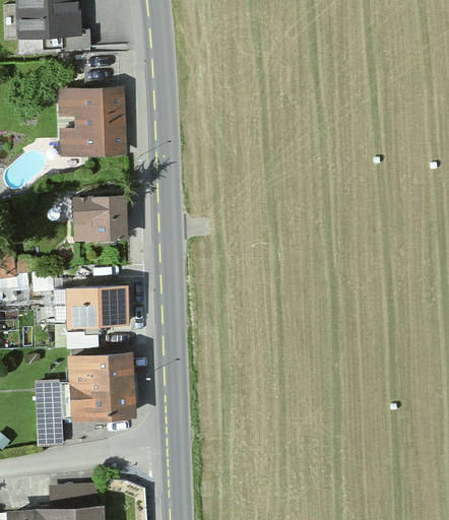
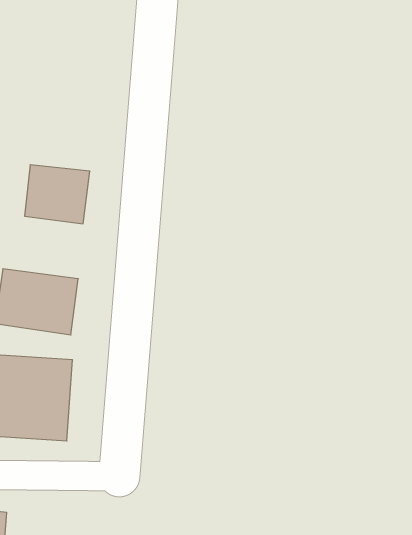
building: [58,89,127,158] -> none

